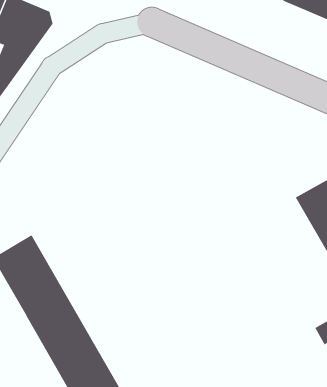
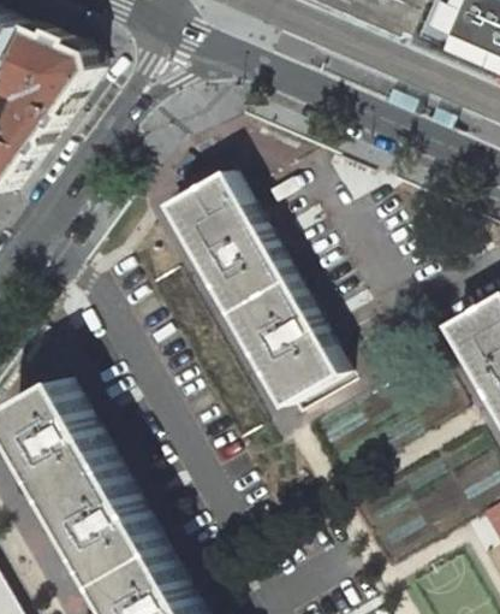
building: none -> [163,172,338,407]

